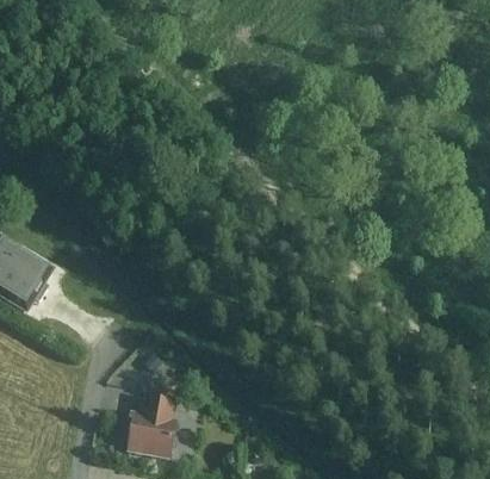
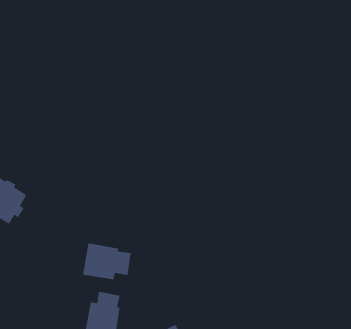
building: none -> [82,242,131,280]

